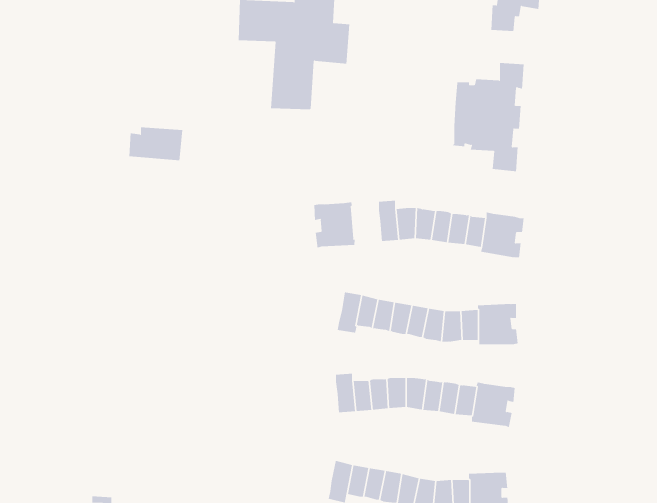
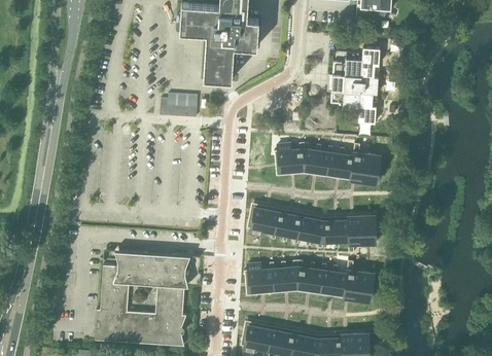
building: [128,127,183,161] -> [160,95,198,118]
building: [314,201,355,249] -> none
building: none -> [95,252,188,347]

